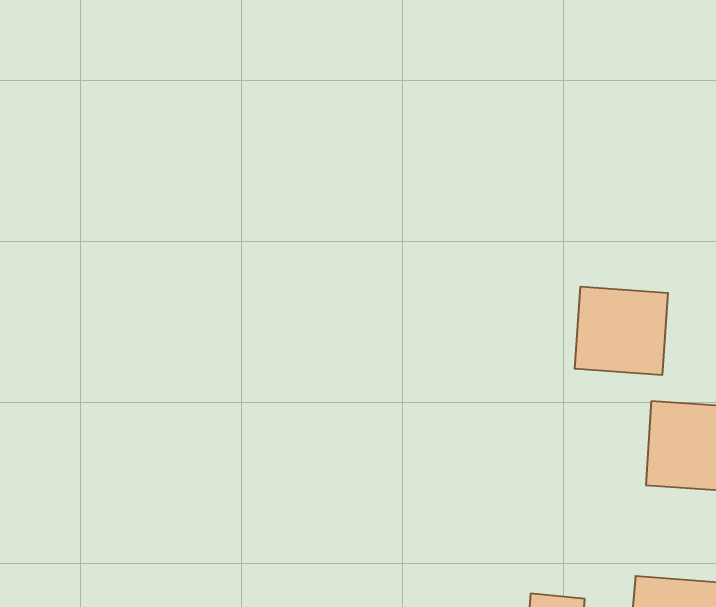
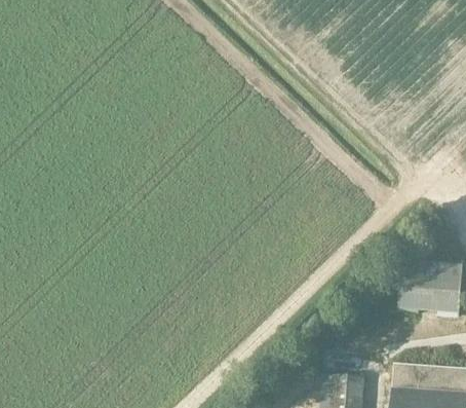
building: [575,287,668,375] -> none

